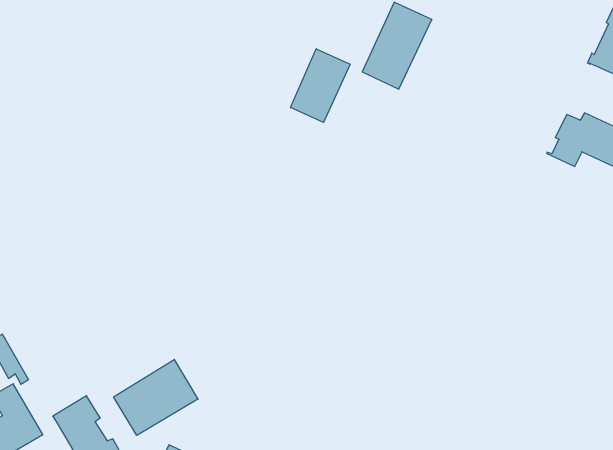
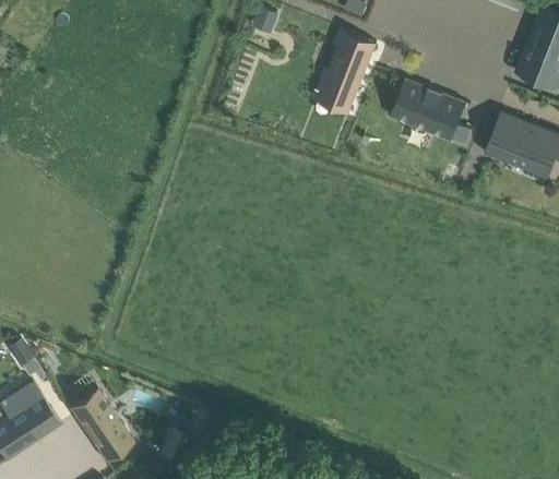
building: [290,49,350,122] -> none
building: none -> [390,81,472,146]
building: [114,359,198,435] -> none

